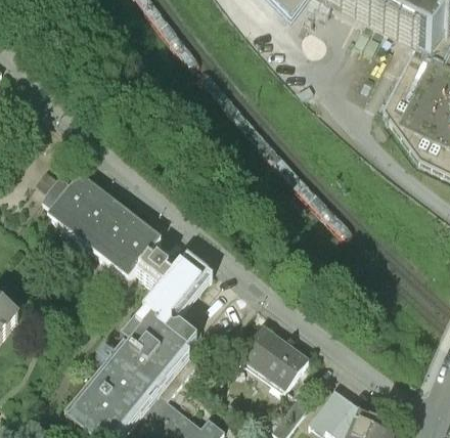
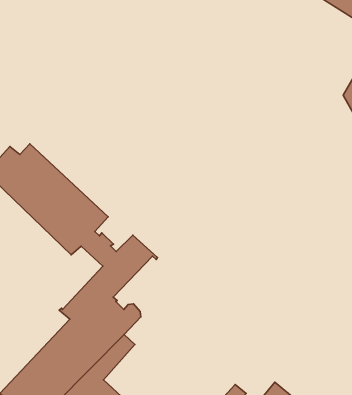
building: [239,324,306,388] -> none

